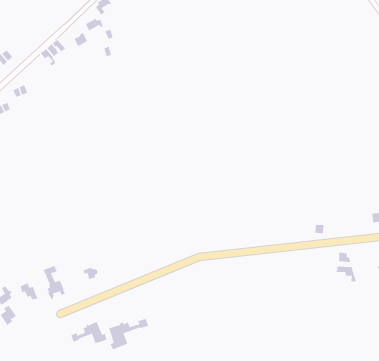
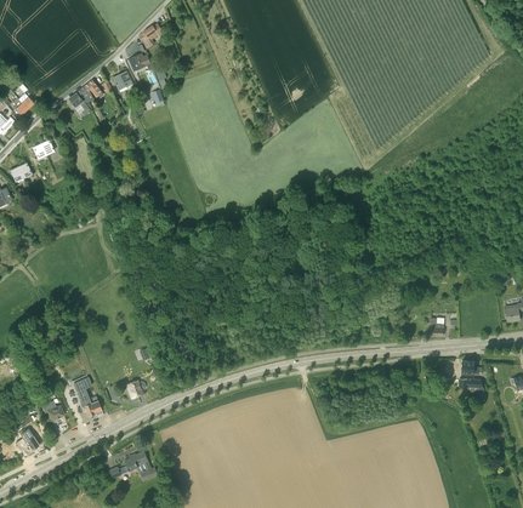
building: [109,318,149,350] -> none

